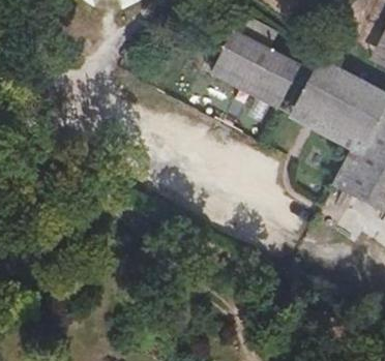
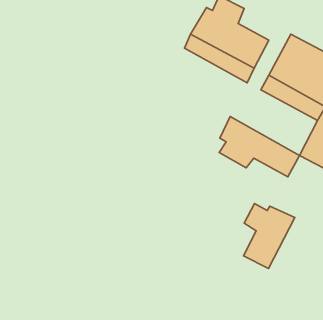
building: none -> [219,116,300,177]
building: none -> [244,203,295,269]

